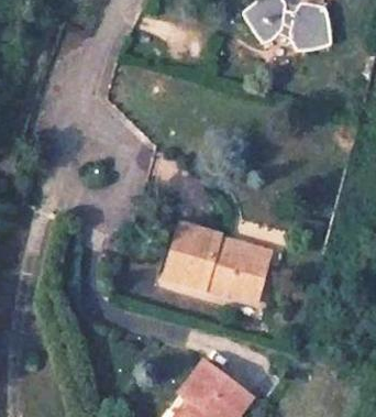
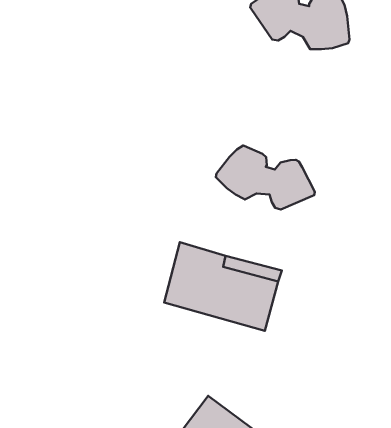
building: none -> [216,145,315,210]

